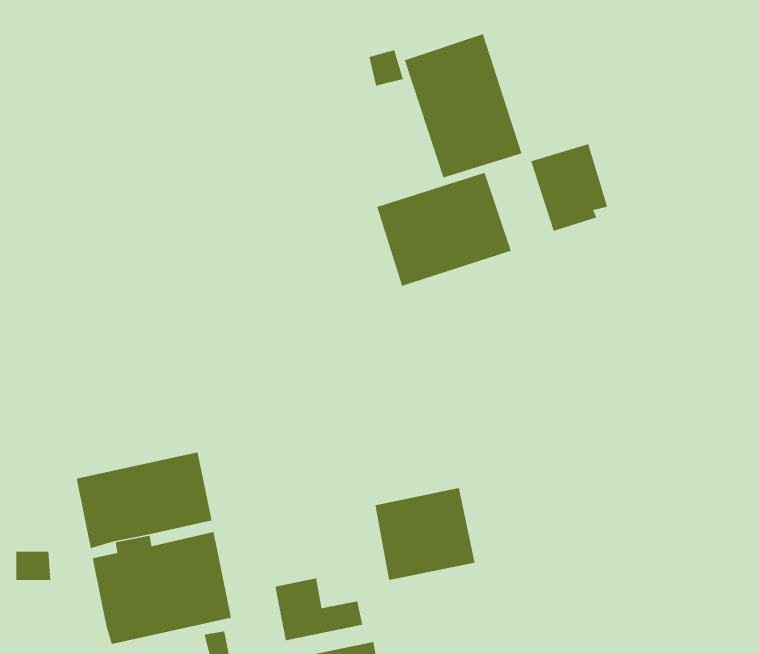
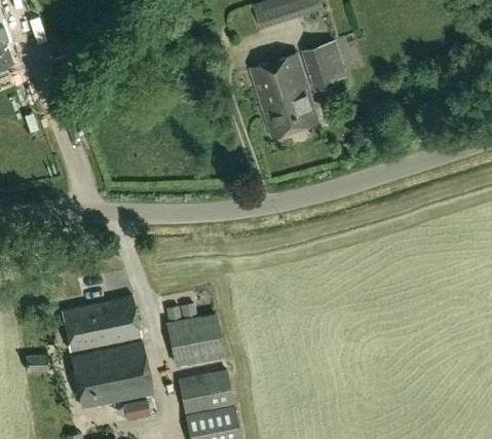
building: [530,143,608,232] -> [303,40,348,92]
building: [376,172,512,287] -> none
building: [374,487,475,581] -> [166,313,225,367]

